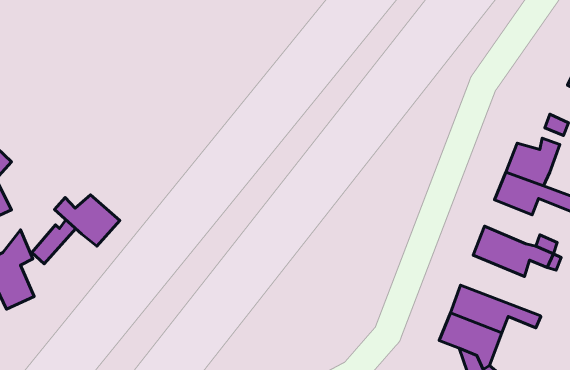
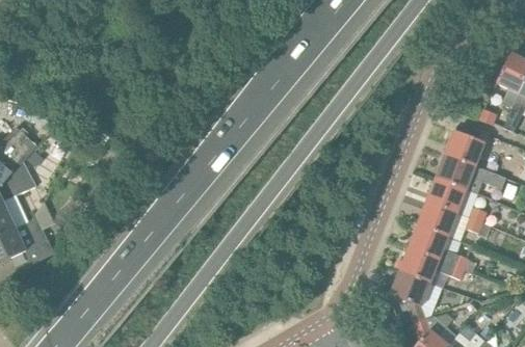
building: [54,195,120,246] -> none
building: none -> [427,177,467,213]
building: none -> [408,222,477,272]

